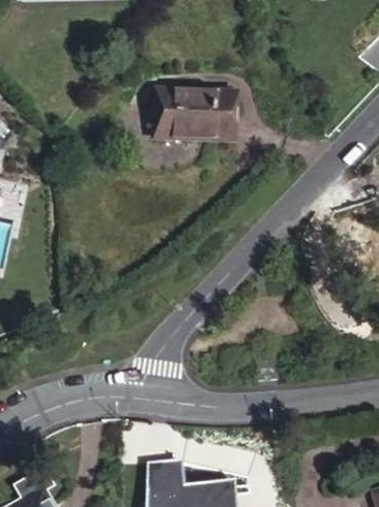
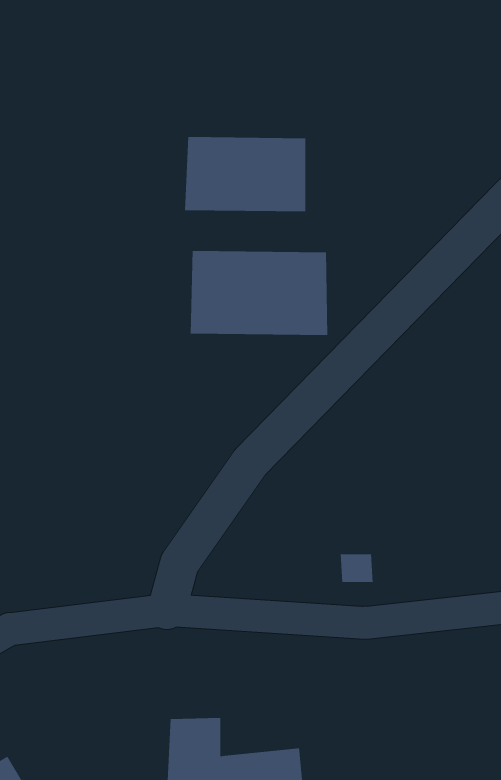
building: none -> [190,250,328,336]

